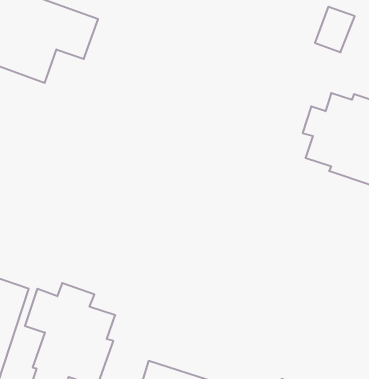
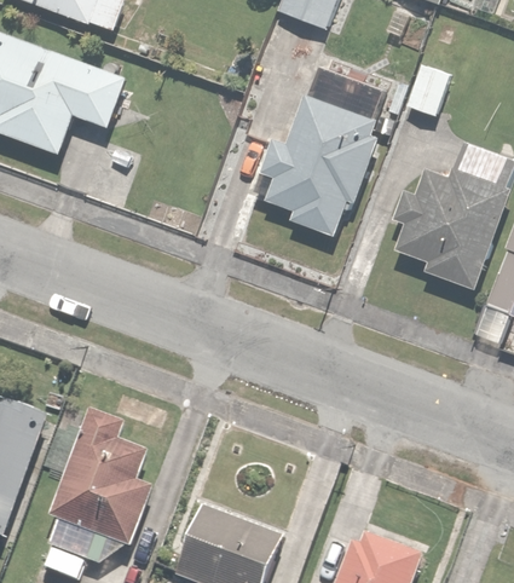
building: none -> [258,67,385,238]

